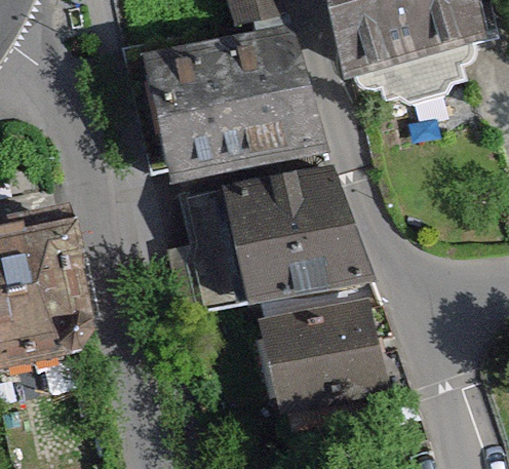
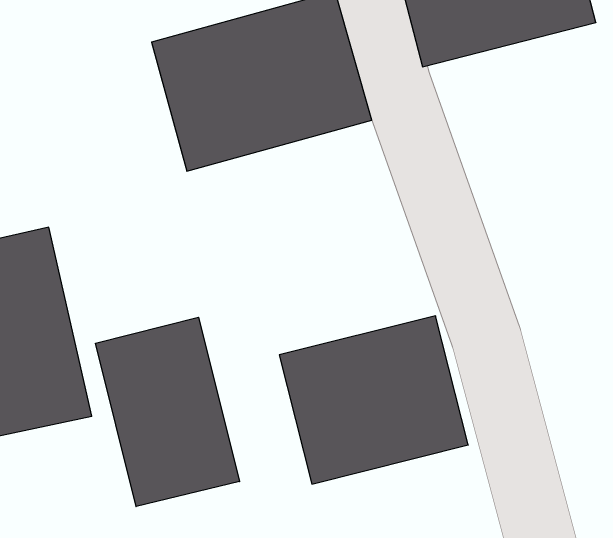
building: [214,167,365,312] -> none
building: none -> [96,317,240,507]

